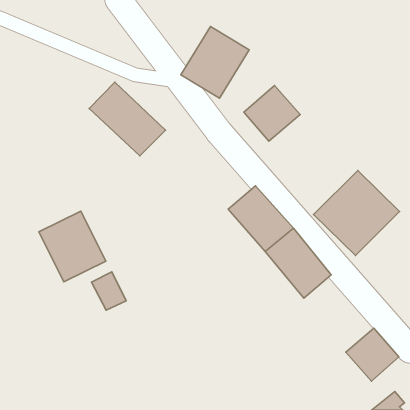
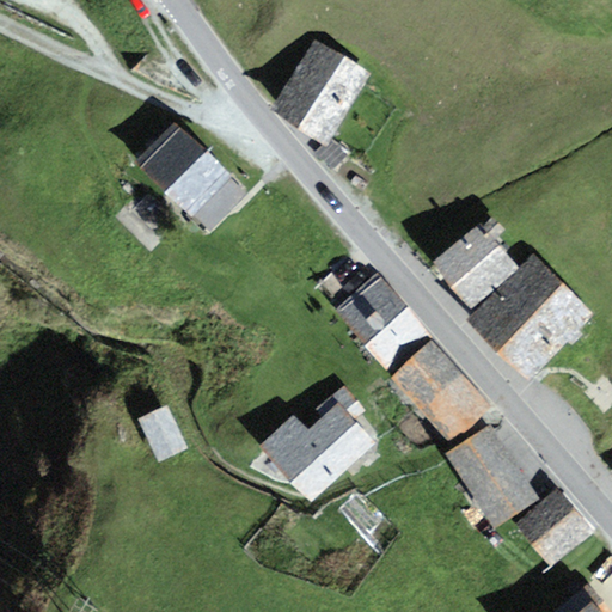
building: [244,86,300,141] -> [433,224,516,306]
building: [39,211,106,282] -> none
building: none -> [259,385,374,501]
building: none -> [445,423,538,527]

